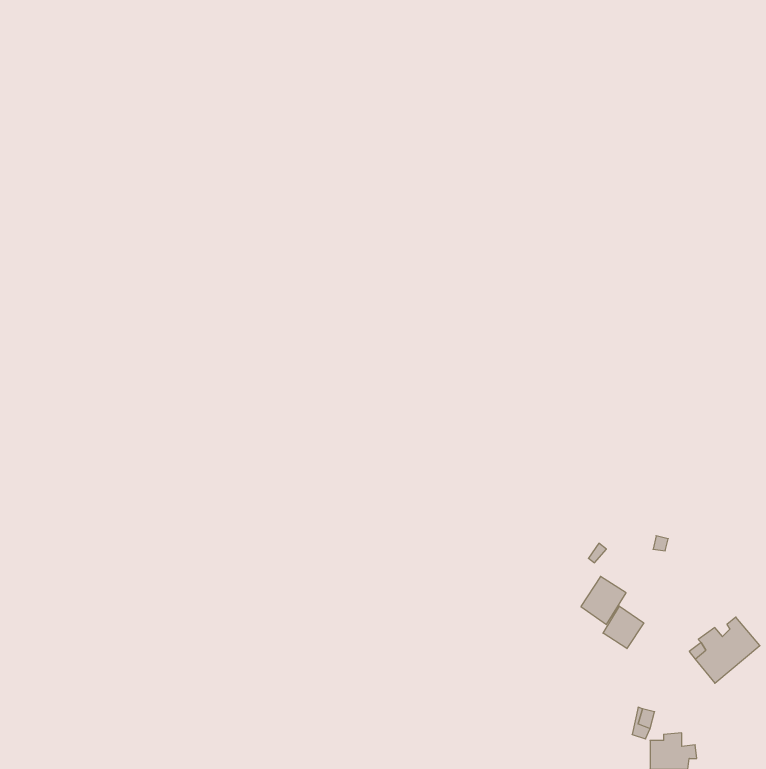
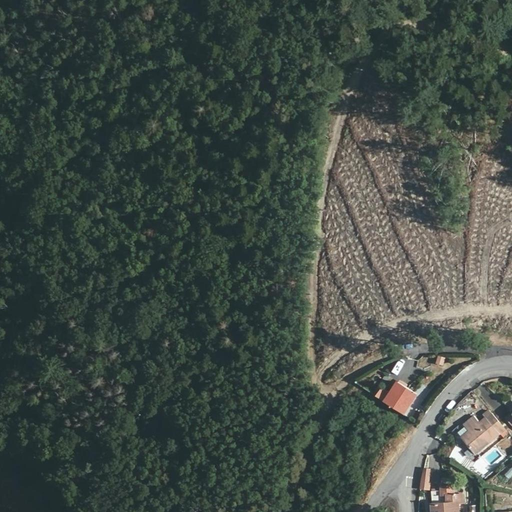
building: [603,606,644,649] -> none

